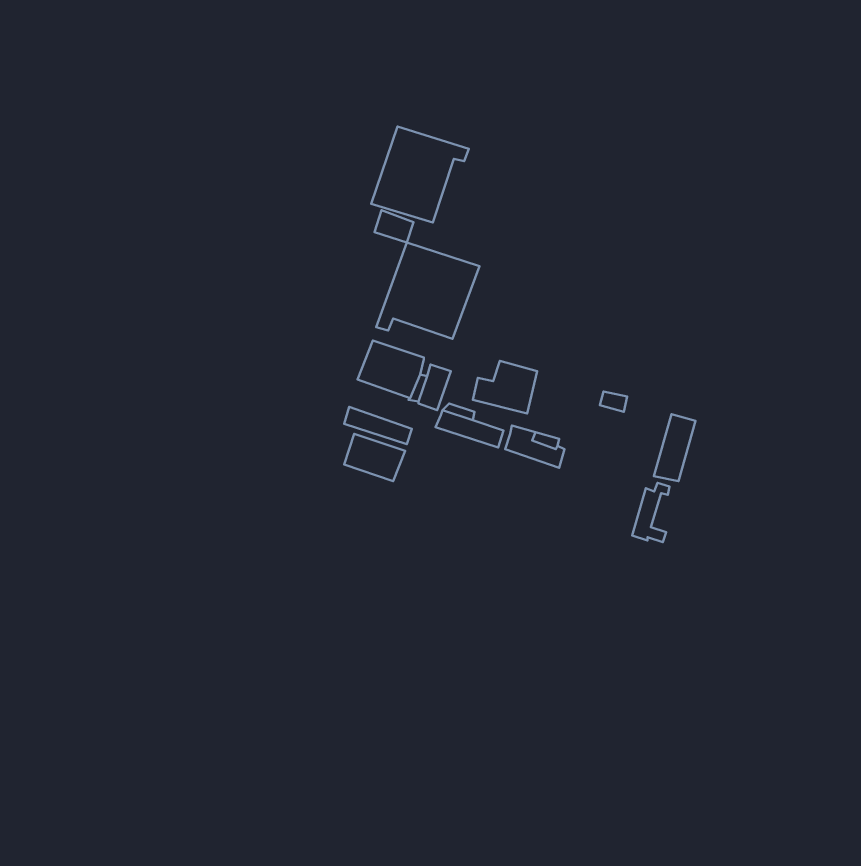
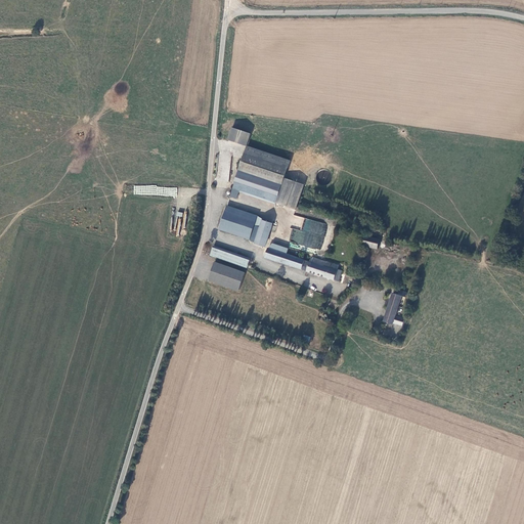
building: [371,126,469,222] -> none
building: none -> [276,179,304,210]
building: [654,414,695,481] -> none

